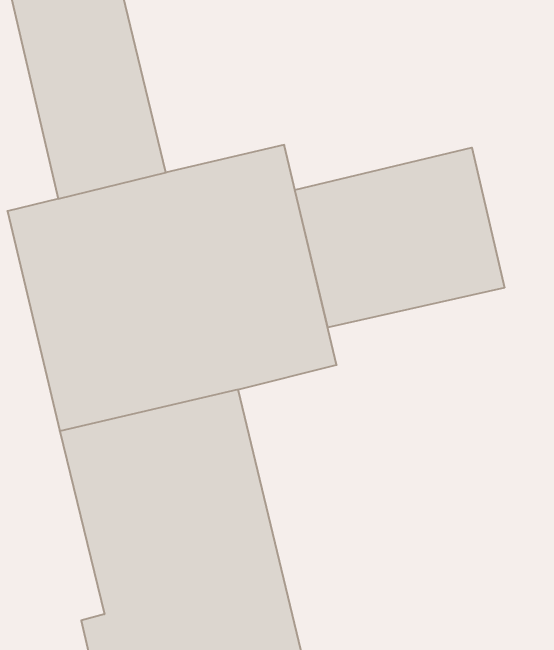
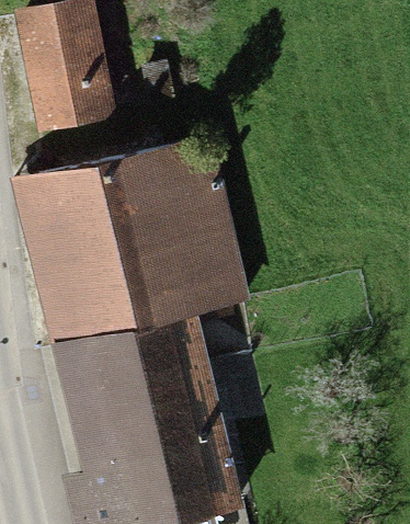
building: [295,148,504,327] -> none

